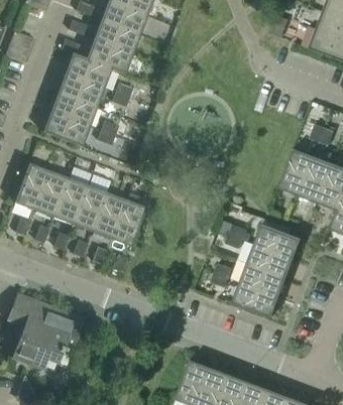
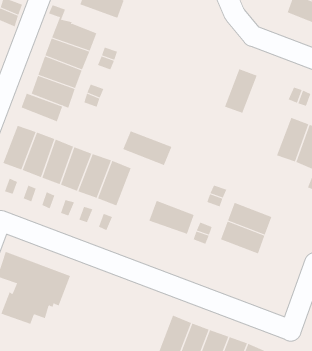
building: [86,39,133,74] -> none
building: none -> [21,93,63,122]
building: [277,148,312,194] -> [224,69,257,114]
building: none -> [122,131,172,166]
building: [253,223,301,258] -> none
building: [231,281,278,316] -> [148,200,194,235]

